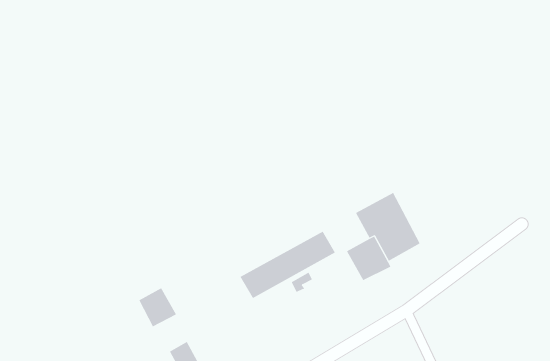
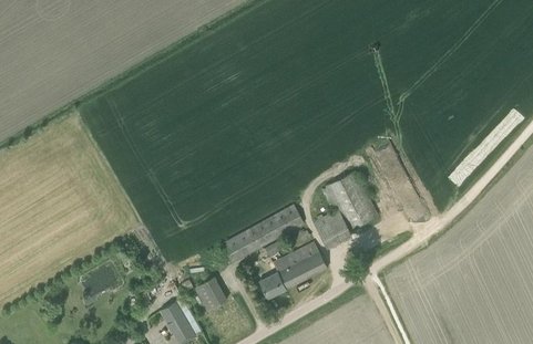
building: none -> [259,241,328,299]
building: [138,287,177,327] -> [194,275,227,310]

